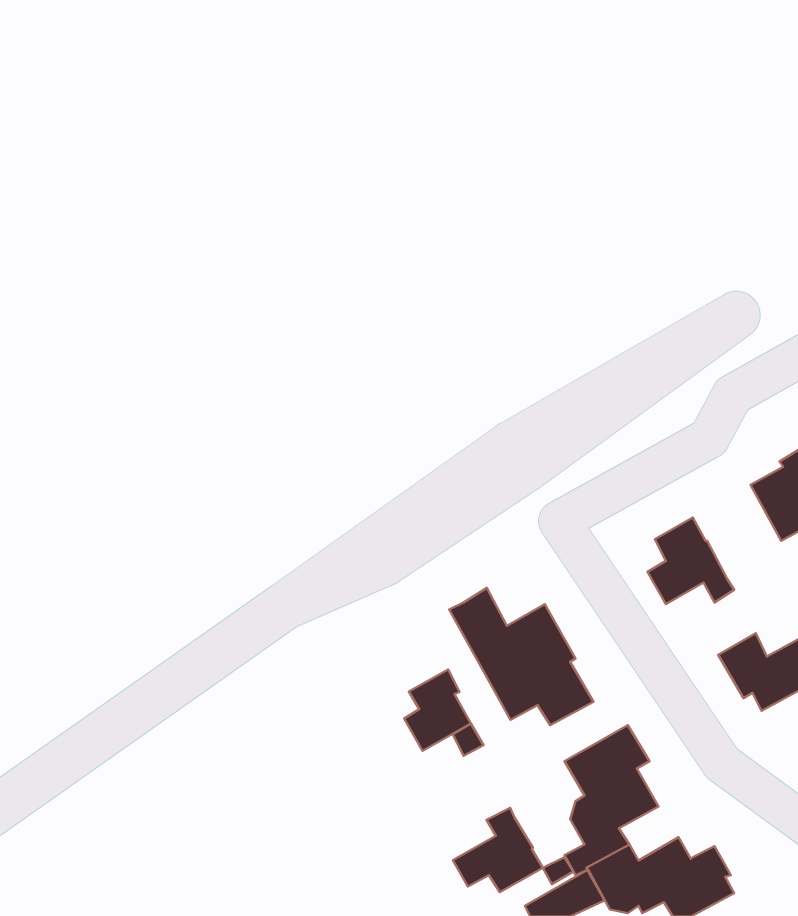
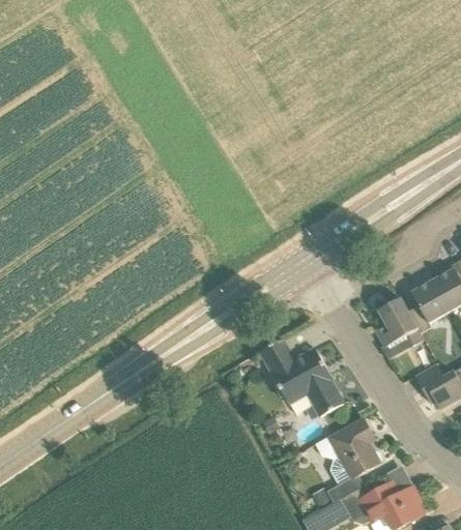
building: none -> [408,278,451,332]
building: [404,670,471,751] -> none
building: [453,808,543,892] -> none

